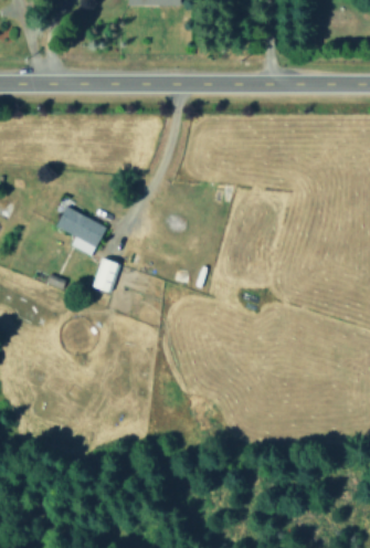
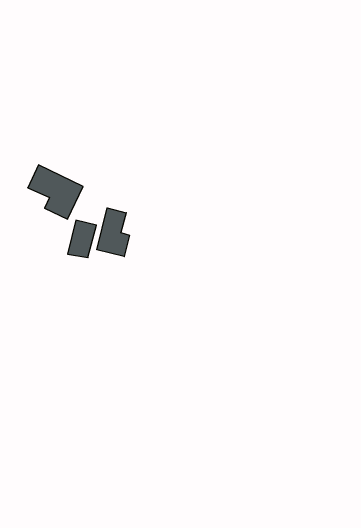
building: none -> [97,208,130,257]

